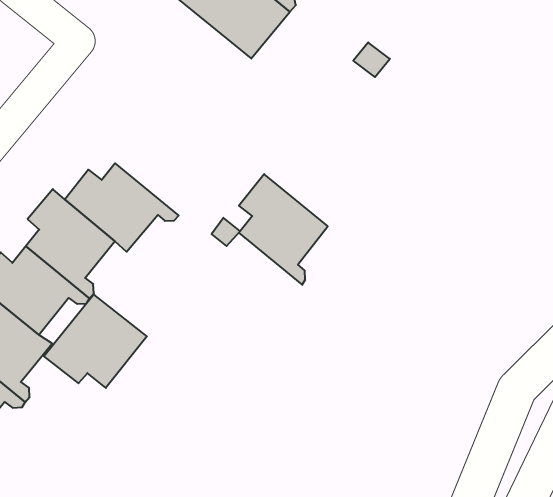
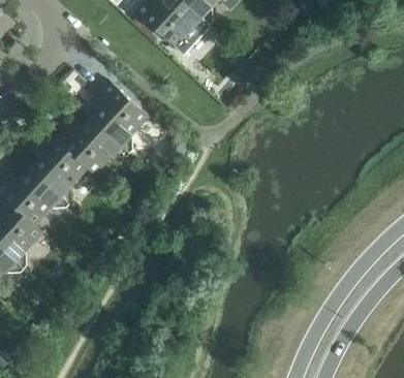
building: [239,174,328,285] -> [91,80,149,153]
building: [44,294,147,388] -> none

